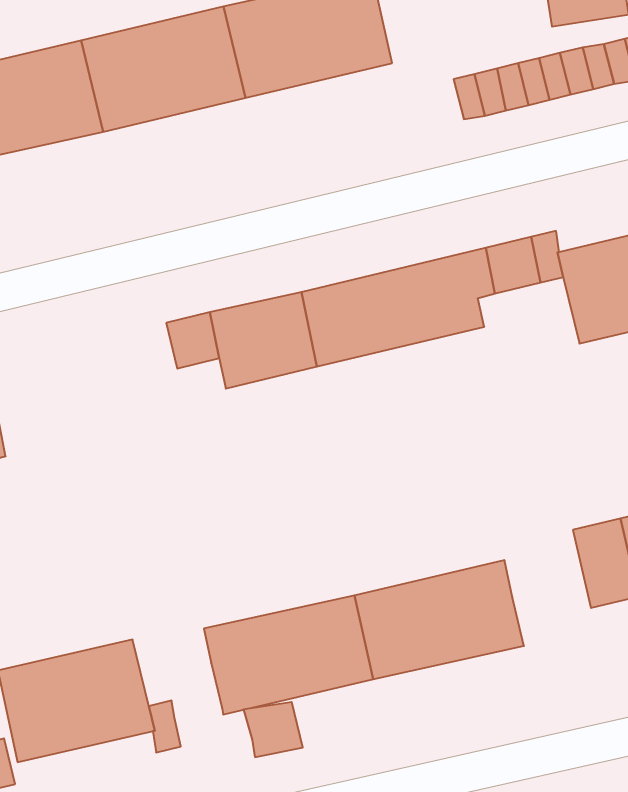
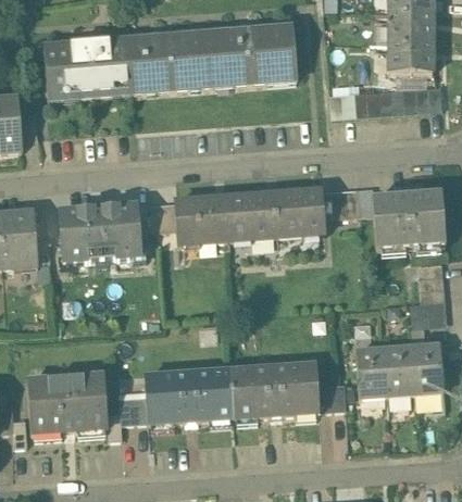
building: none -> [59,204,140,261]
building: none -> [316,382,346,410]
building: [244,702,303,757] -> [117,394,147,422]

